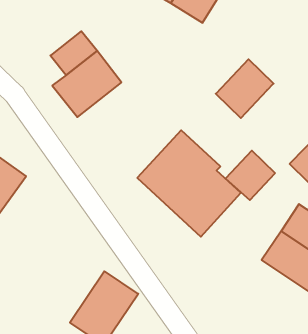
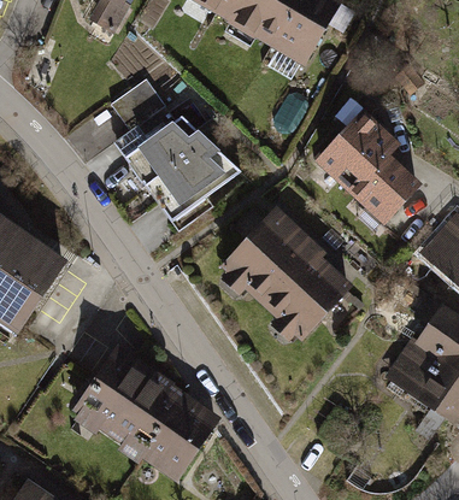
building: none -> [142,143,229,225]
building: [226,151,275,200] -> [353,153,417,217]
building: none -> [69,345,177,453]

